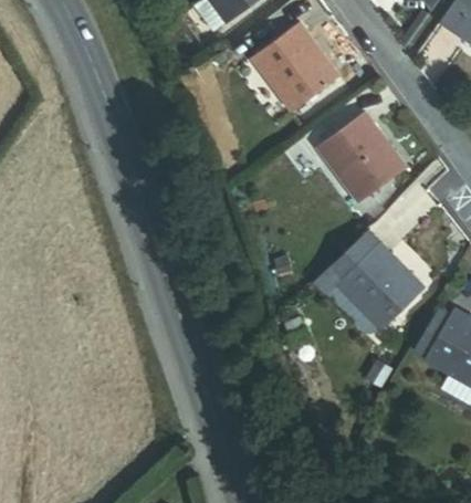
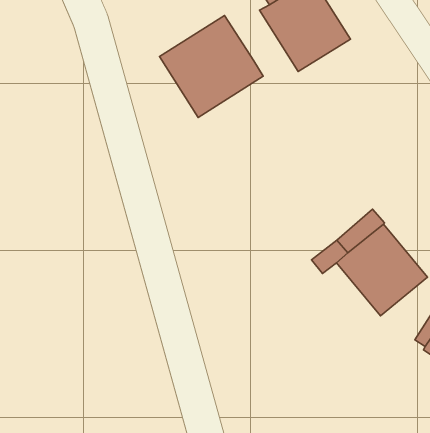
building: none -> [159,15,263,117]
building: [320,114,405,202] -> none

